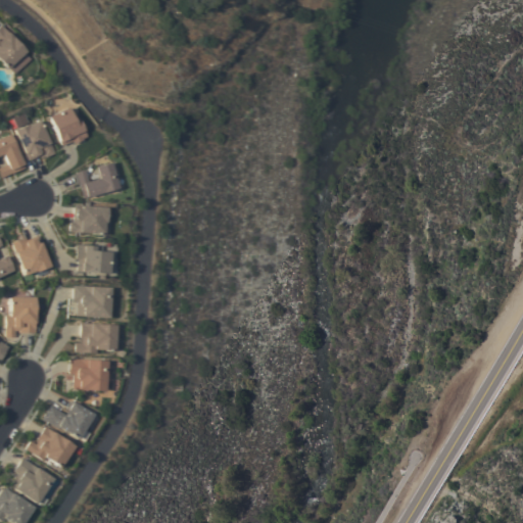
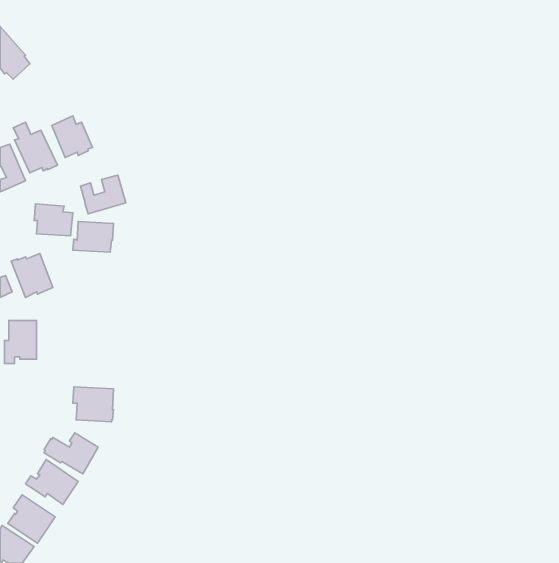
building: [78,244,113,274] -> [34,204,73,236]
building: [76,286,113,318] -> none
building: [77,323,118,353] -> none

